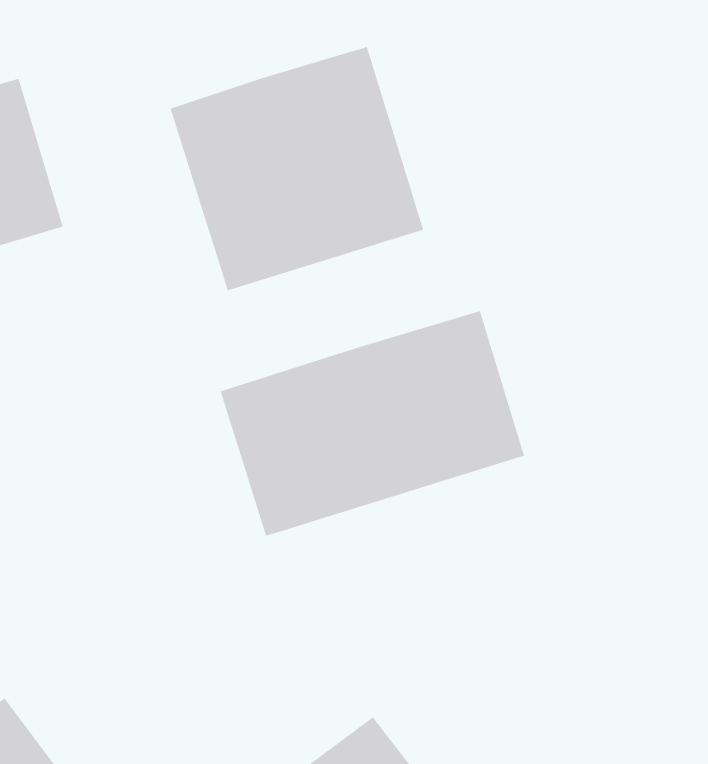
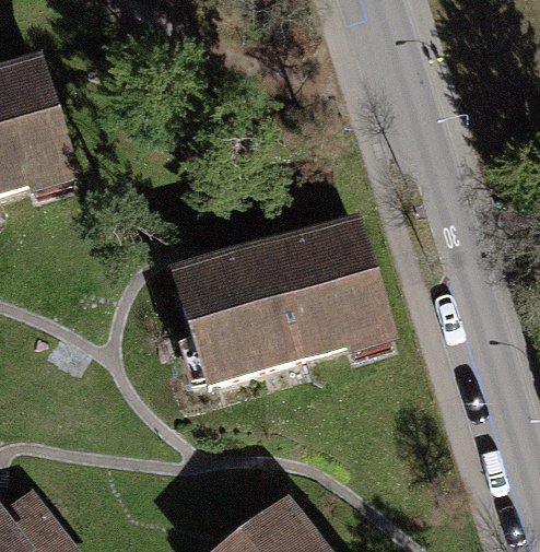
building: [170,46,424,291] -> none

